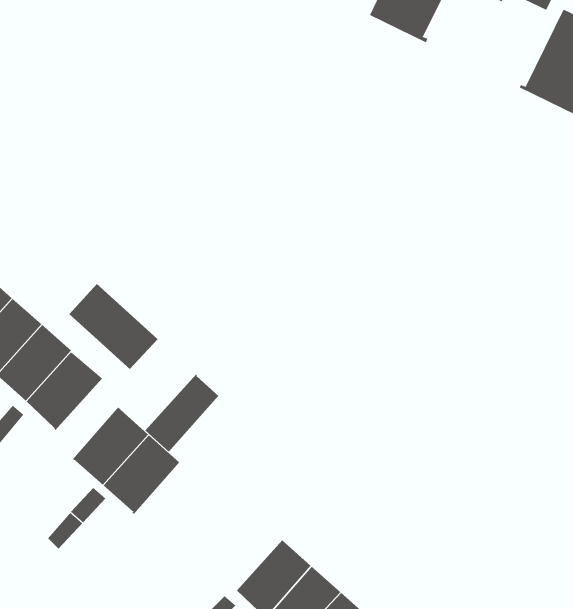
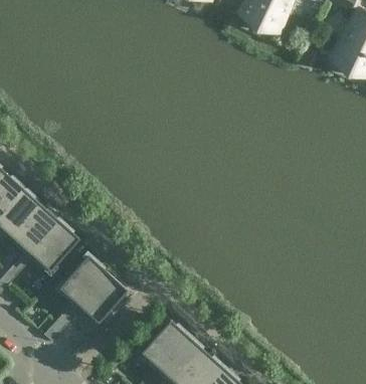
building: [68,283,158,370] -> none
building: [144,374,219,452] -> none
building: none -> [140,319,187,366]

